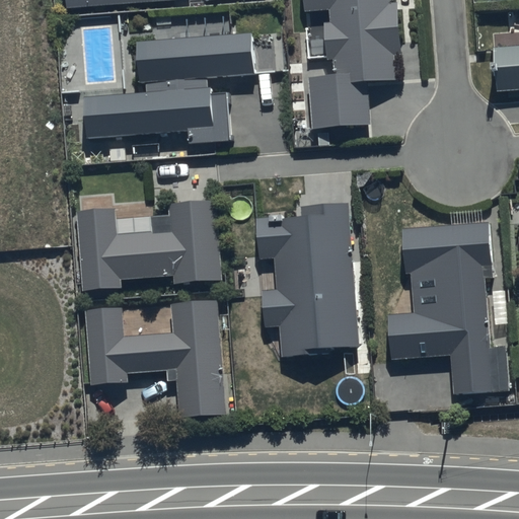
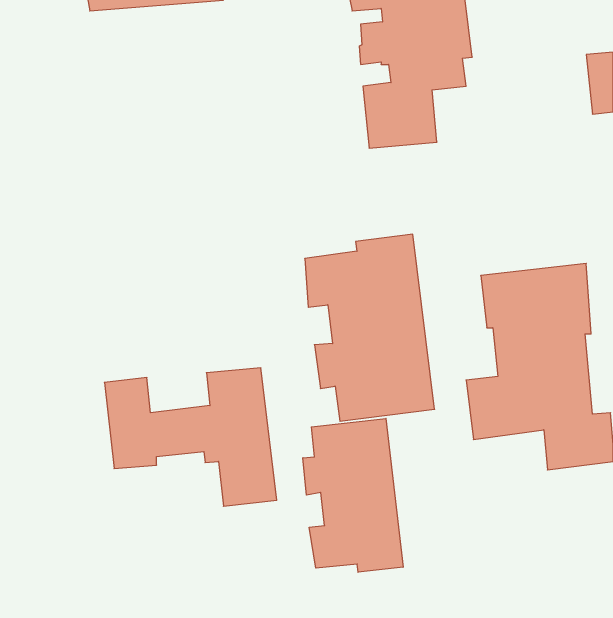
building: [79,28,280,141] -> none
building: [74,202,219,294] -> none
building: none -> [303,418,403,572]

